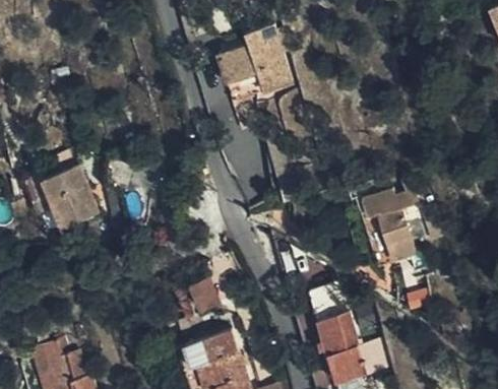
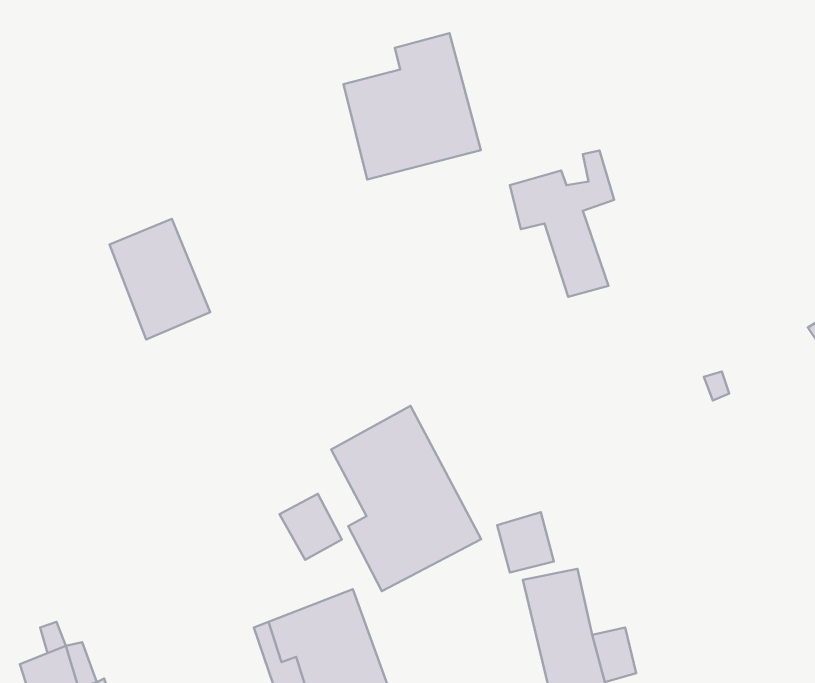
building: [43,161,99,229] -> [110,219,210,339]
building: [359,179,417,260] -> [510,150,614,297]
building: none -> [331,406,481,591]

